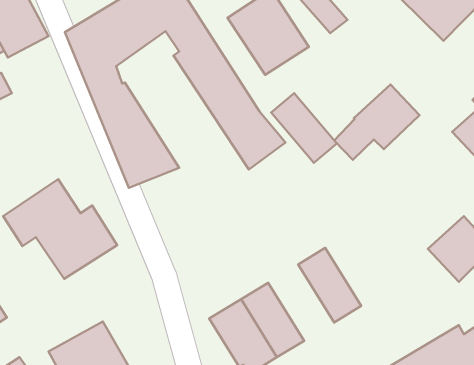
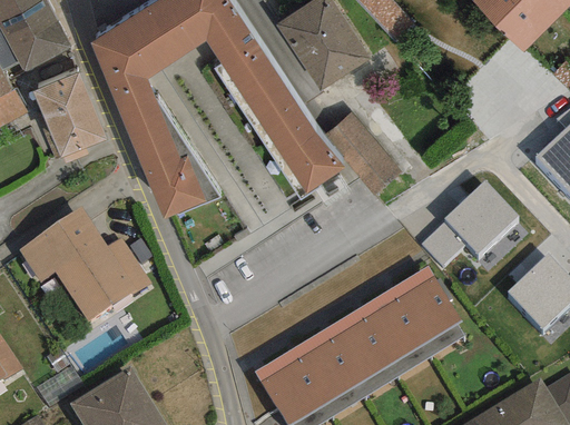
building: none -> [31,69,108,162]
building: [334,84,419,160] -> [421,178,519,265]
building: none -> [389,265,464,355]
building: none -> [323,307,399,395]

